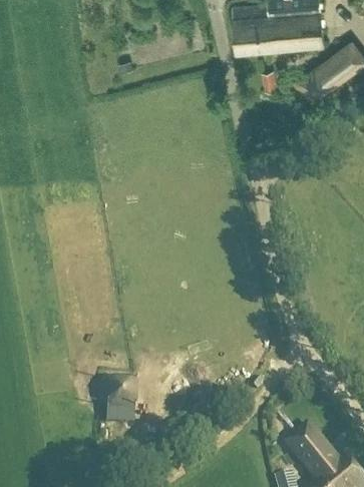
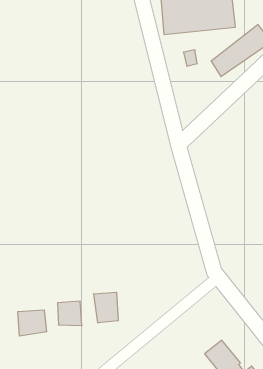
building: none -> [94,292,118,323]
building: none -> [18,310,46,336]

